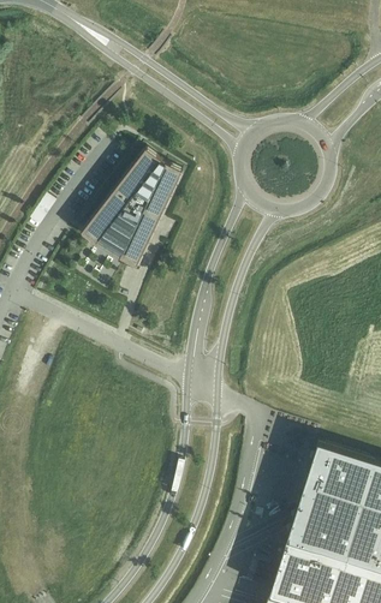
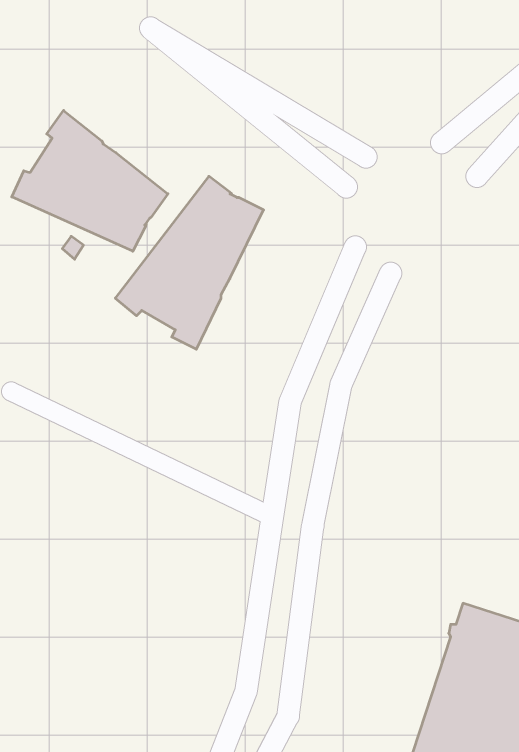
building: none -> [12,110,168,251]

